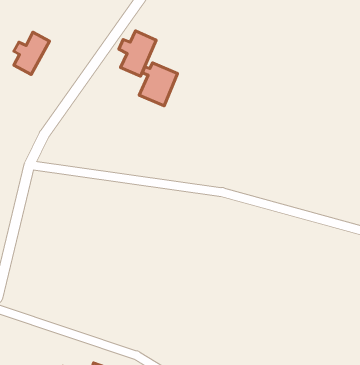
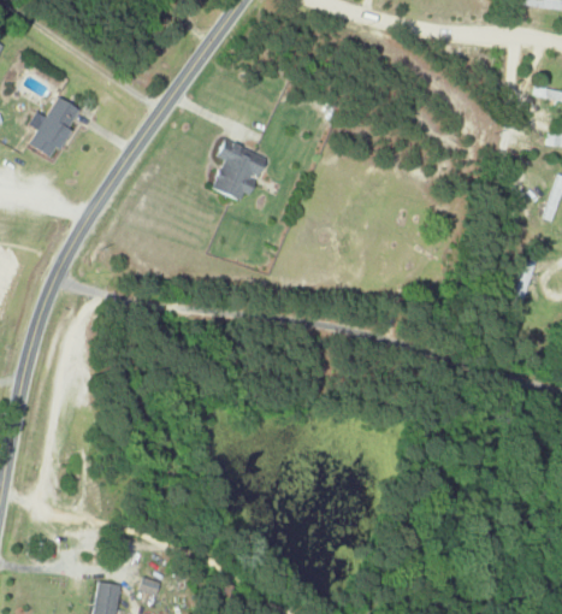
building: [119,31,156,76] -> none

